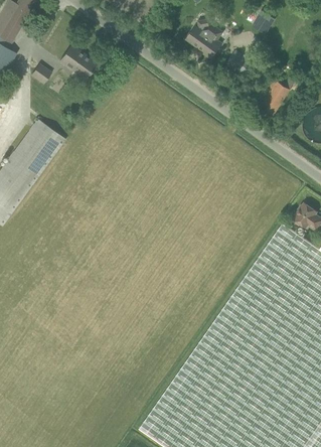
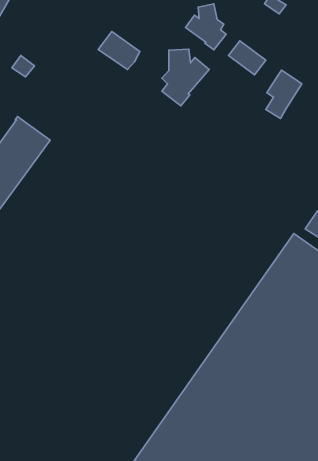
building: [59,45,97,80] -> [98,31,140,70]
building: none -> [162,49,209,106]

